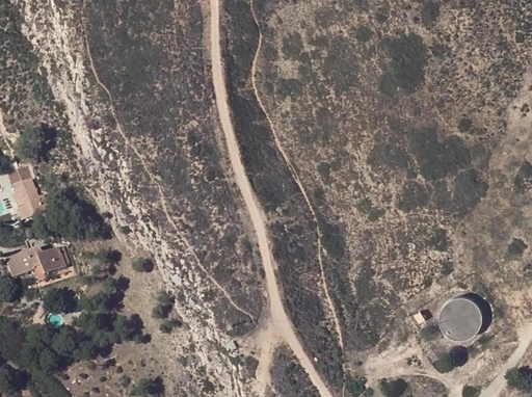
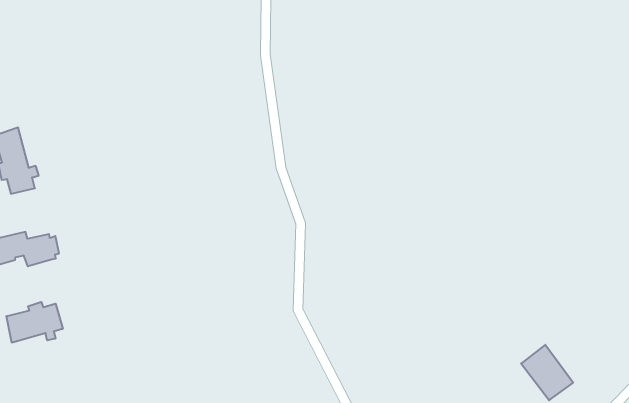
building: none -> [6,302,63,343]

